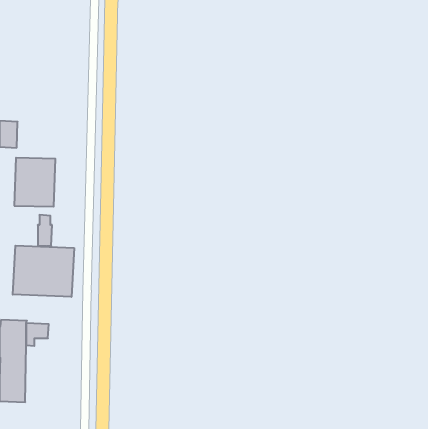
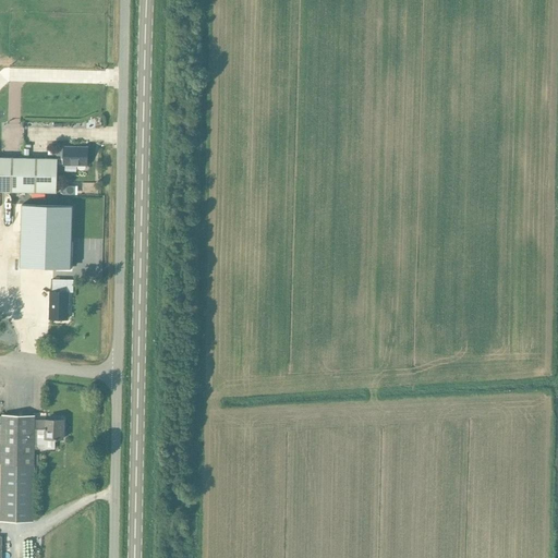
building: none -> [22,147,86,193]
building: [13,246,74,297] -> none

